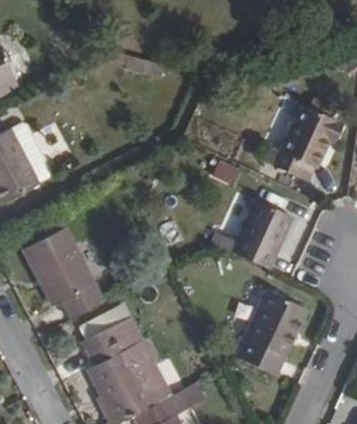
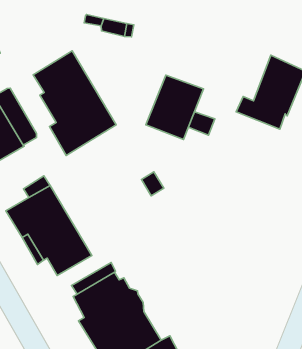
building: none -> [33,51,116,155]
building: [230,201,293,270] -> [146,75,203,140]
building: [239,291,307,375] -> none

